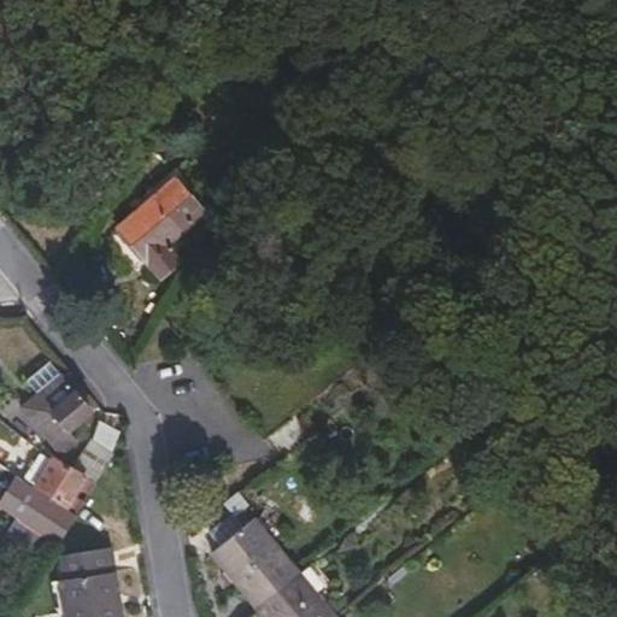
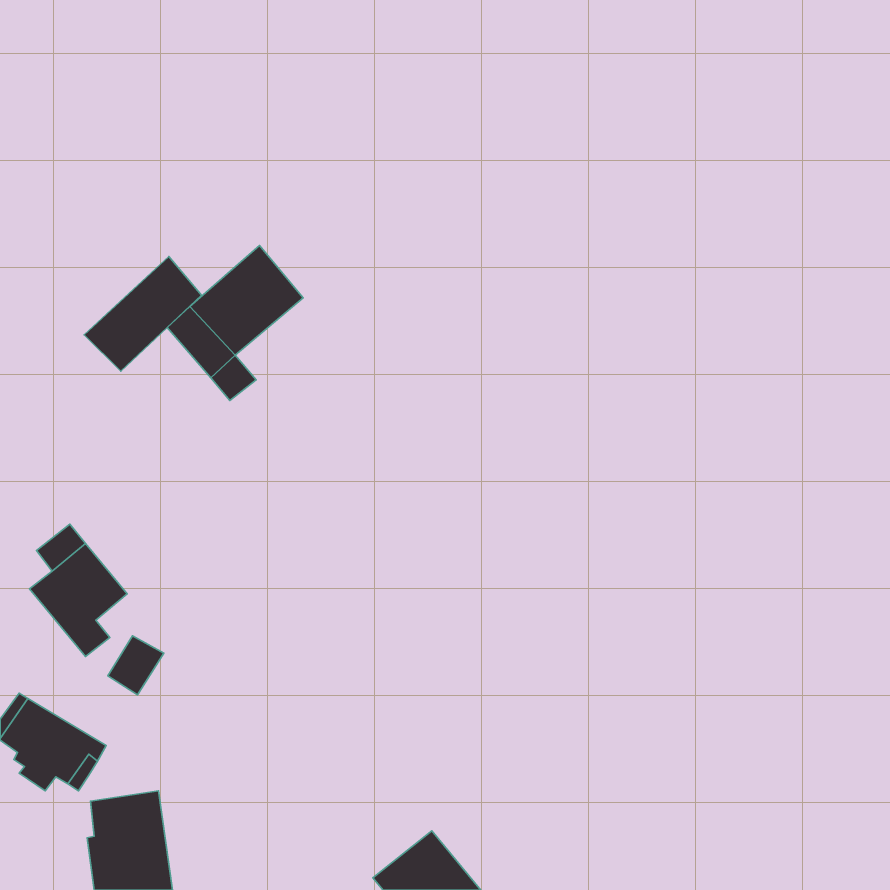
building: none -> [84,256,201,371]
building: [34,458,83,507] -> none
building: [213,518,299,607] -> none

